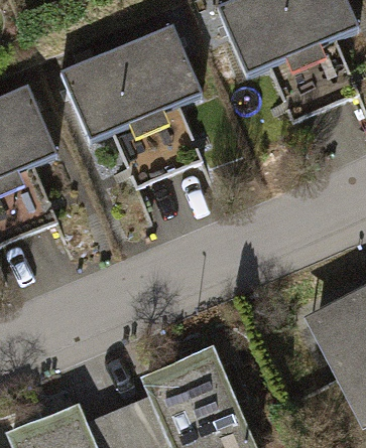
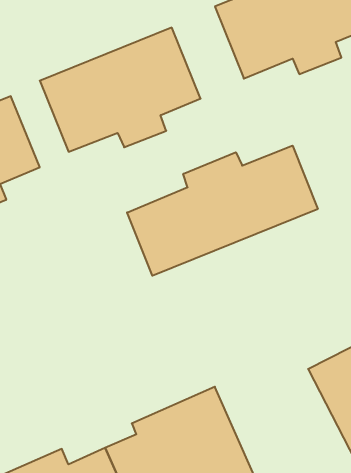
building: none -> [127,146,318,276]

